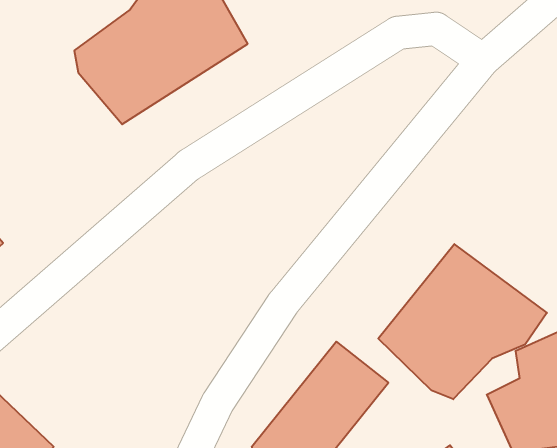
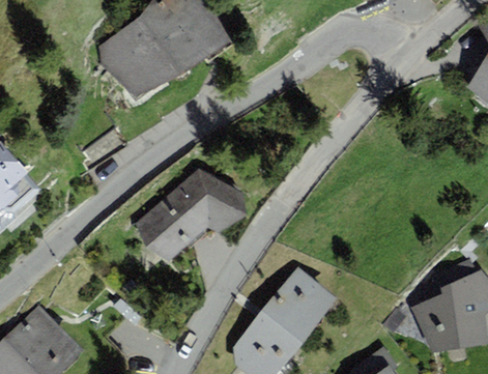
building: none -> [133,169,247,261]
building: [378,244,547,399] -> none

